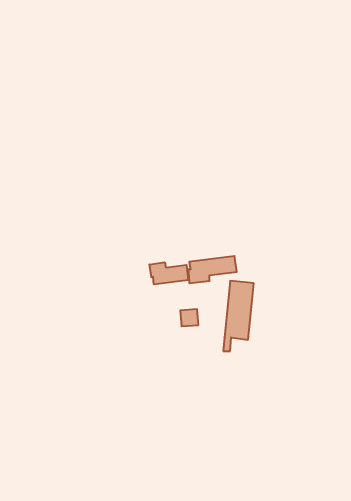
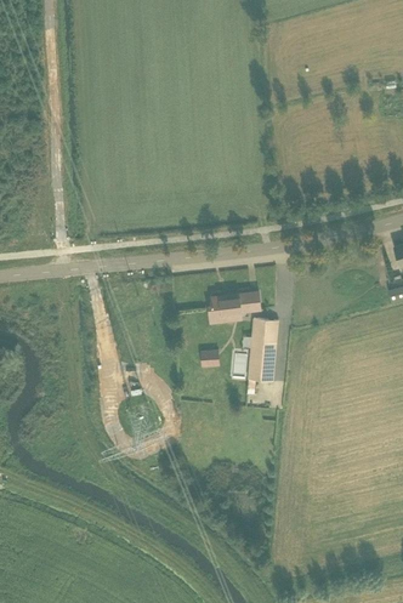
building: [149,262,188,284] -> none

